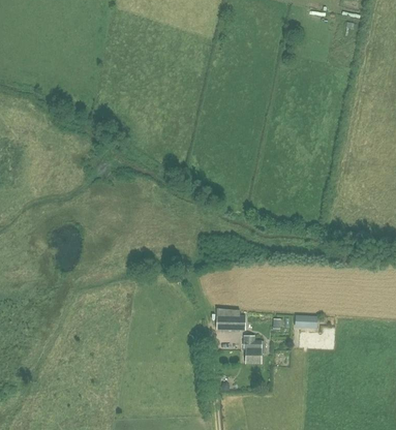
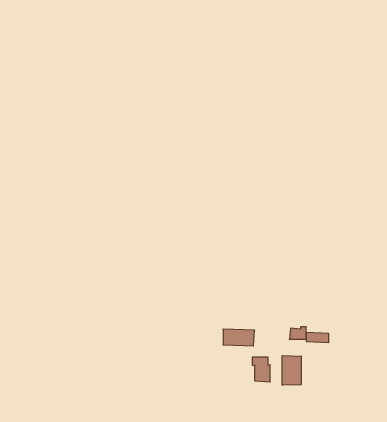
building: none -> [282,356,301,385]

